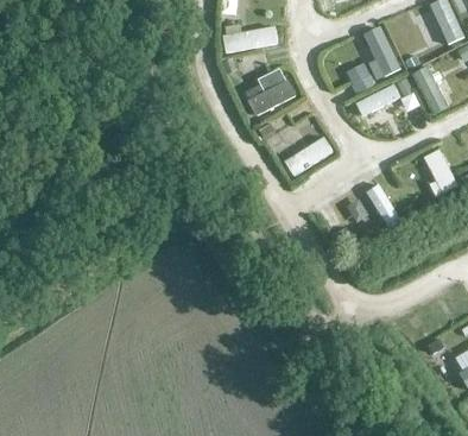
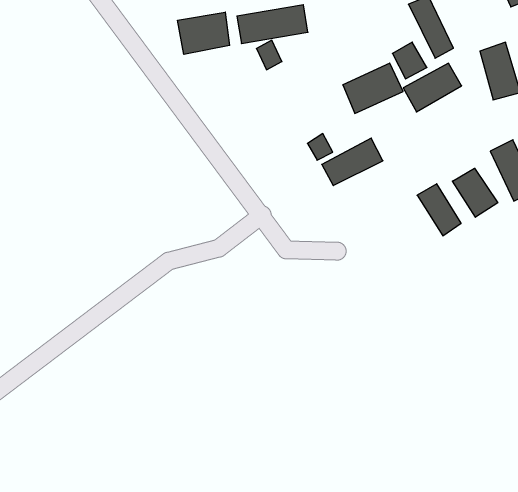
building: none -> [178,12,230,54]
building: [248,76,297,115] -> [343,63,403,113]
building: none -> [452,168,498,217]

